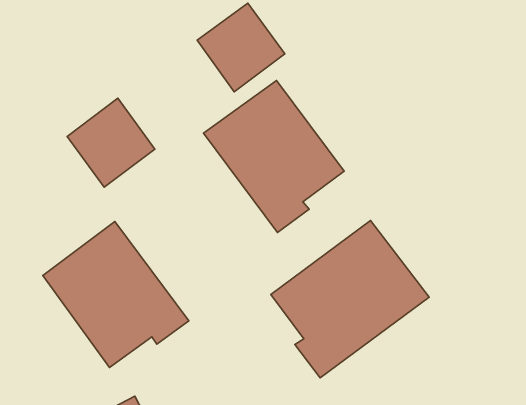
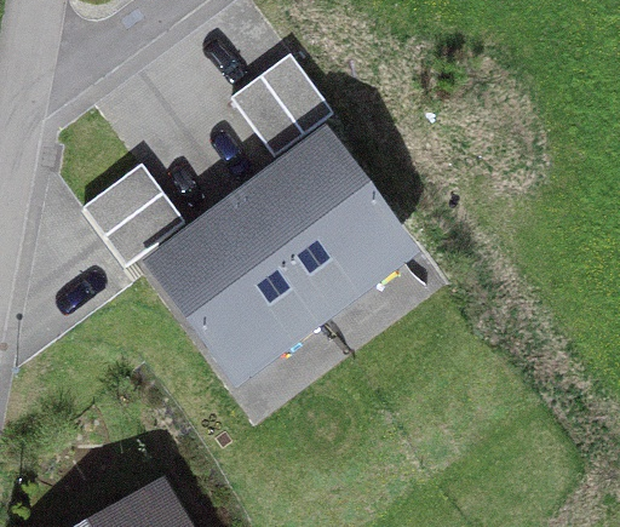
building: [271,221,429,378] -> none
building: [43,222,189,367] -> [157,204,325,371]

